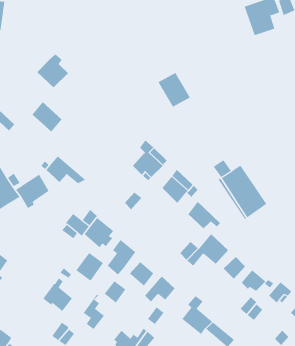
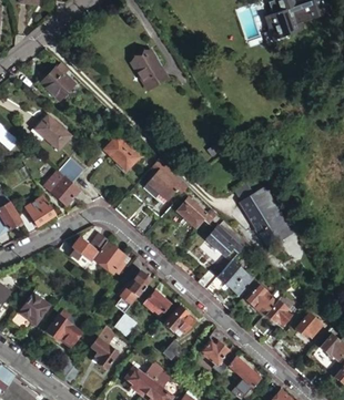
building: [158,72,191,107] -> [133,58,170,96]
building: none -> [105,136,139,171]
building: [76,252,104,281] -> [20,290,51,322]

